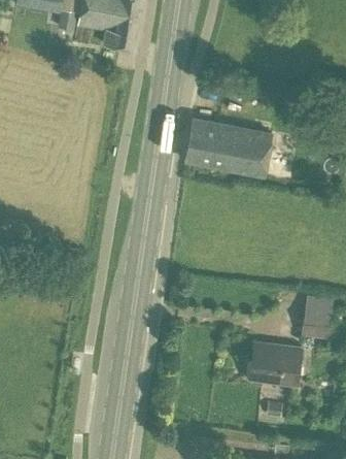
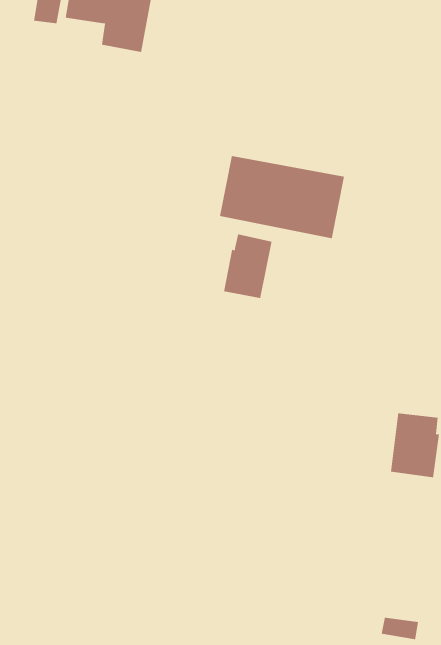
building: none -> [224,234,272,299]
building: [249,343,301,385] -> none

